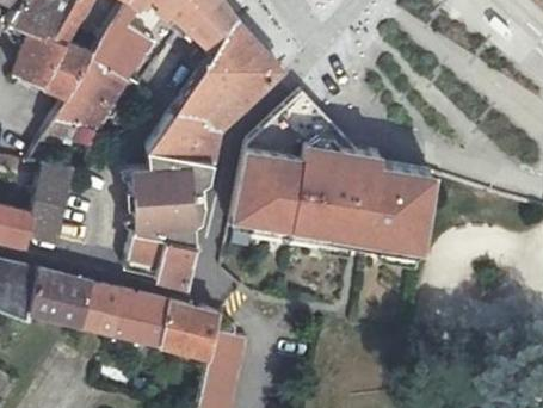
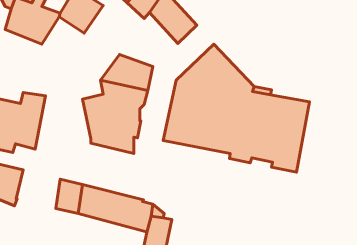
building: [173,50,254,125] -> none
building: [43,56,124,143] -> none
building: [125,231,193,282] -> none
building: [30,268,91,322] -> none

